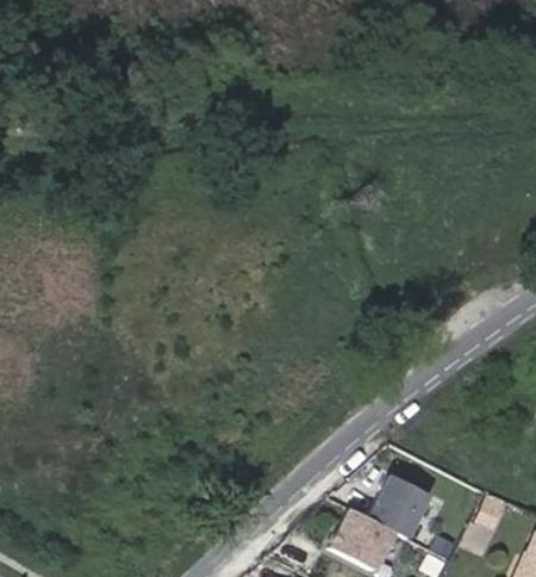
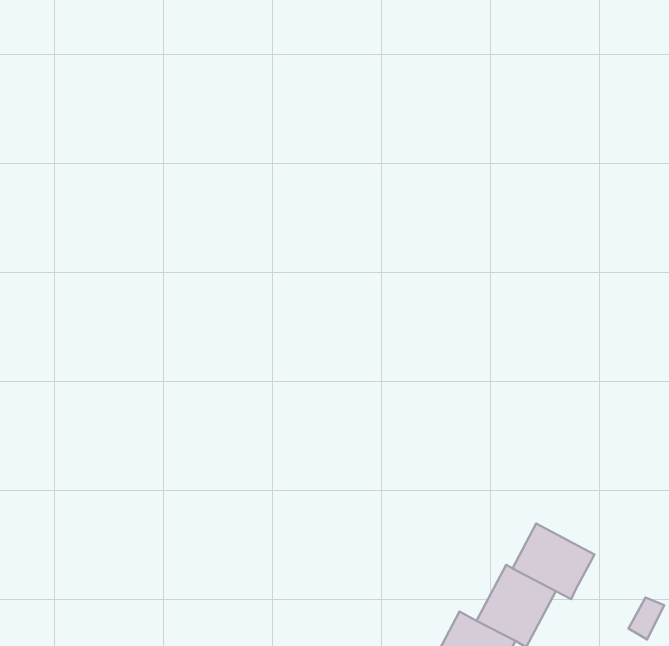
building: none -> [513,524,595,599]

